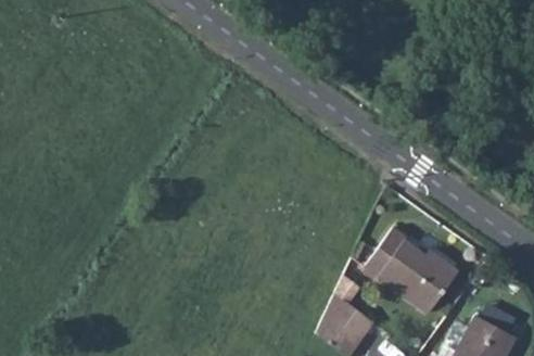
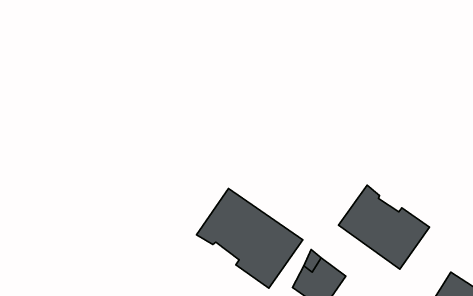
building: none -> [196,188,303,288]

